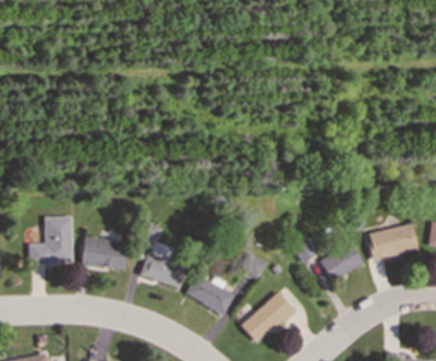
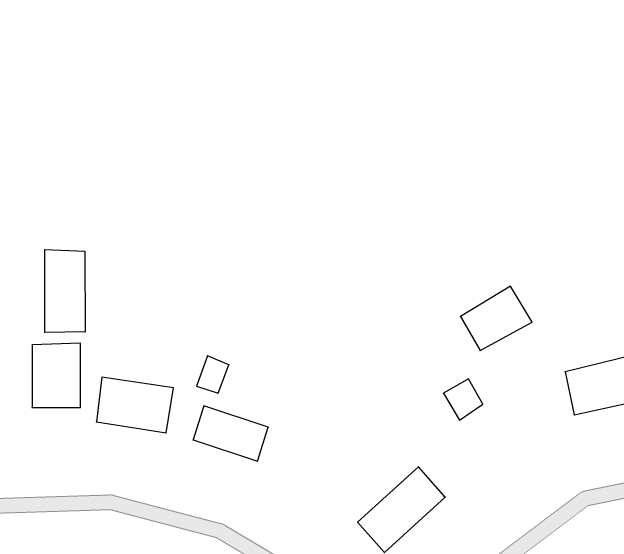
building: none -> [45,250,85,332]
building: [319,241,363,280] -> [460,286,532,351]
building: [186,274,233,314] -> none

